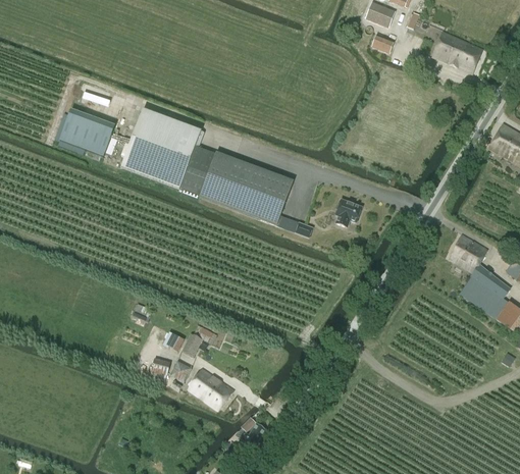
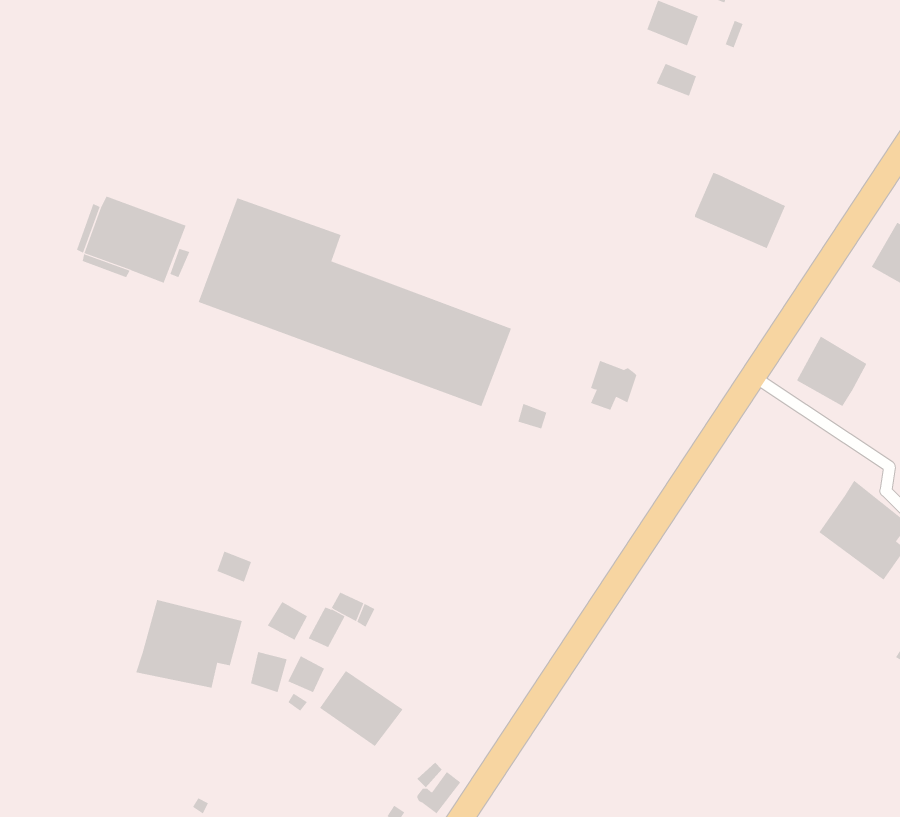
building: [432,32,482,73] -> [694,172,786,249]
building: [449,233,487,272] -> [796,336,867,407]
building: none -> [136,599,243,689]

